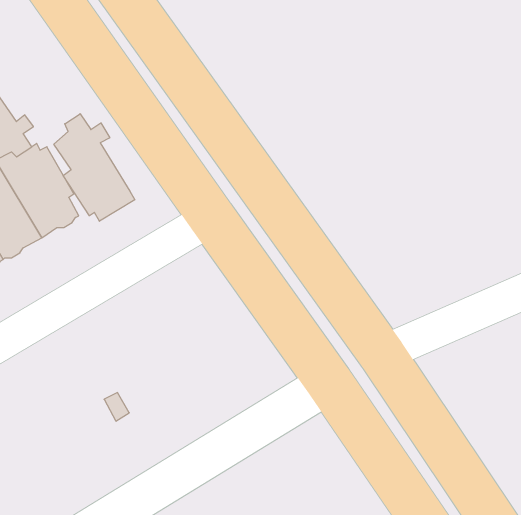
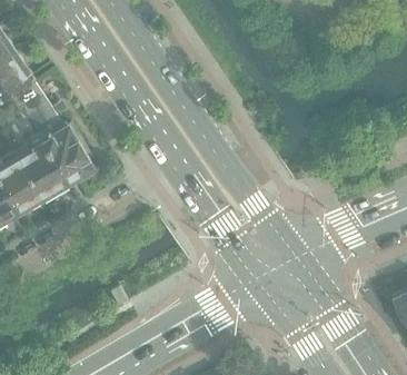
building: [54,114,135,221] -> none

